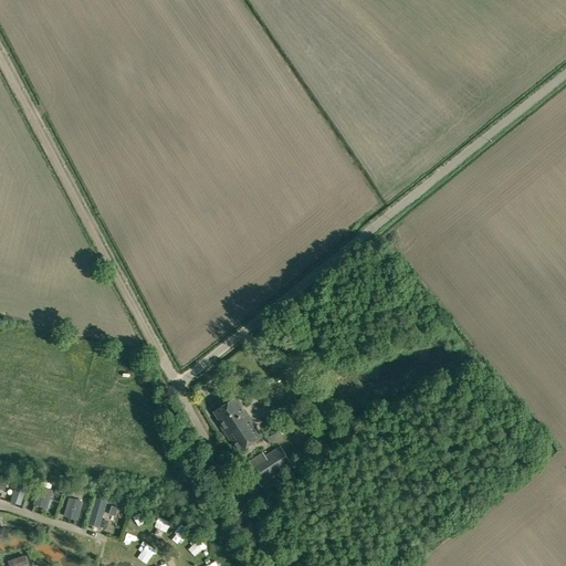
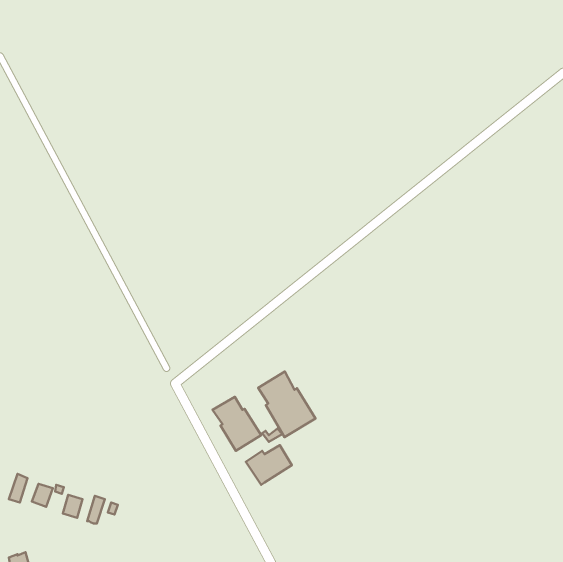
building: none -> [258,372,315,437]

